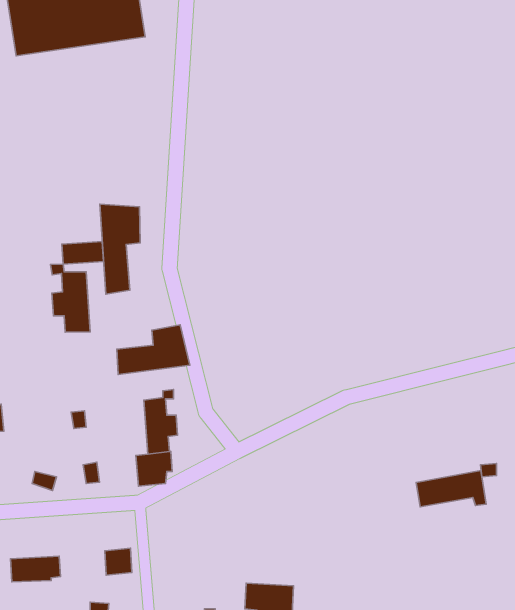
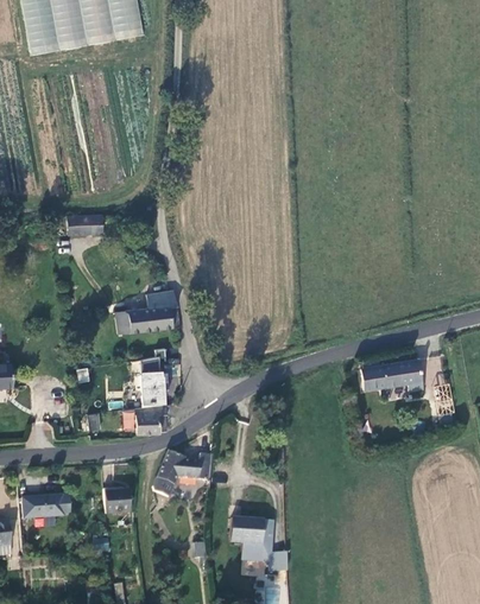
building: [100,204,140,294] -> none
building: [51,264,90,332] -> none
building: [416,471,486,507] -> [359,358,421,390]
building: none -> [151,450,210,494]

